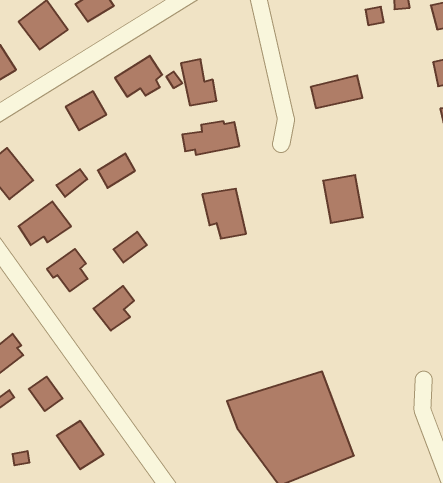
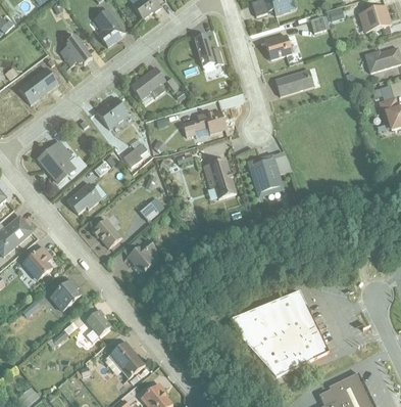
building: none -> [266,33,292,56]
building: [181,59,217,105] -> [193,33,221,67]
building: [323,175,363,223] -> [247,156,279,193]

